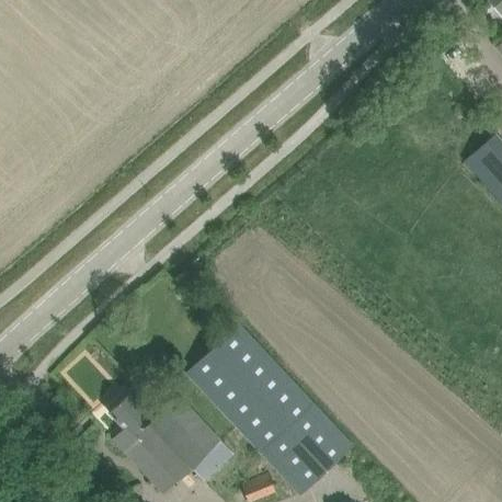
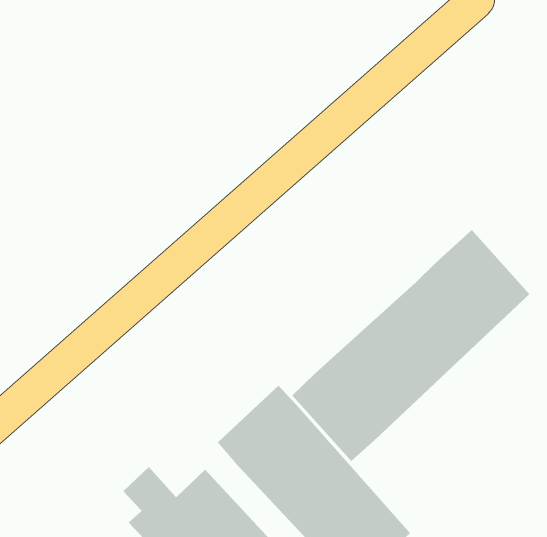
building: none -> [291,229,530,462]

